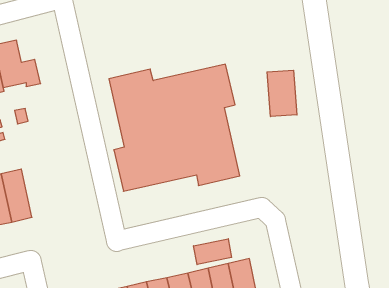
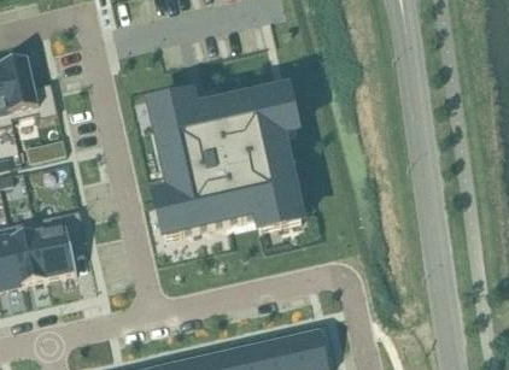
building: [267,70,297,117] -> none
building: none -> [34,209,86,278]
building: [194,239,232,265] -> none

